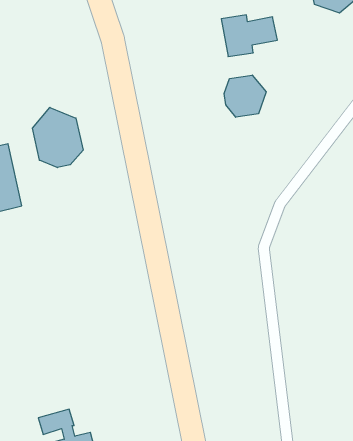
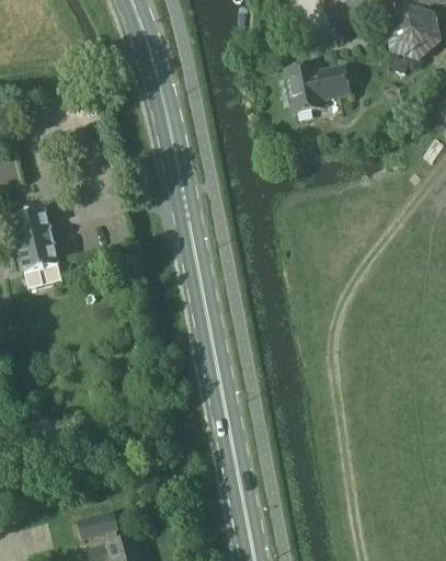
building: [224,75,266,117] -> none
building: [32,107,83,168] -> none

